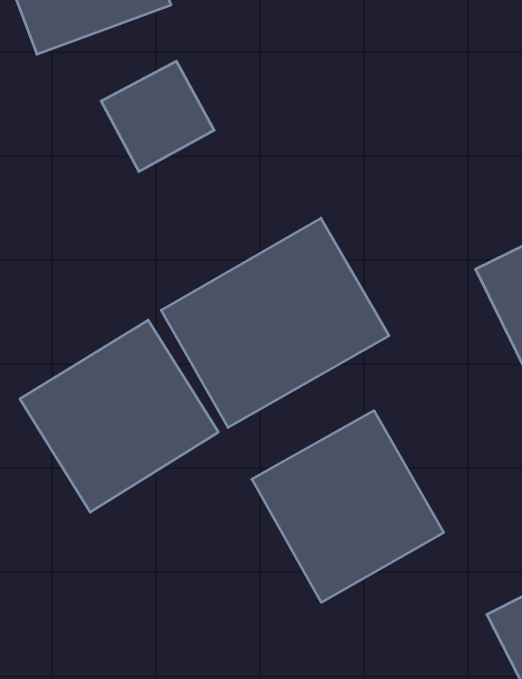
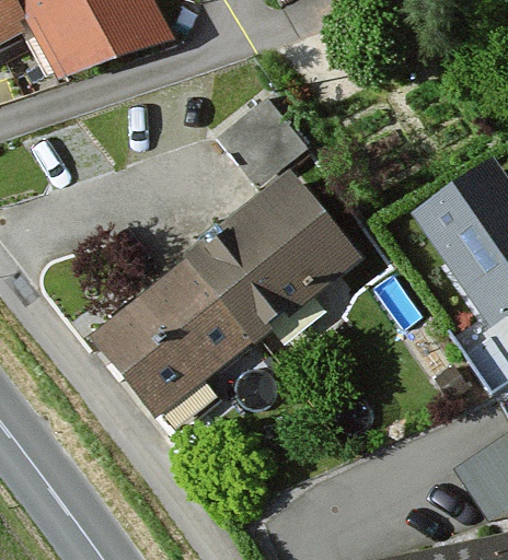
building: [101,61,214,172] -> [213,106,300,191]
building: [252,411,444,602] -> none

